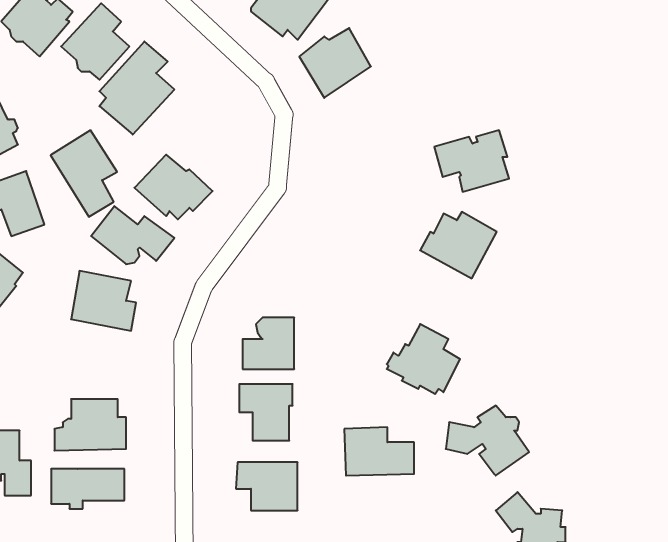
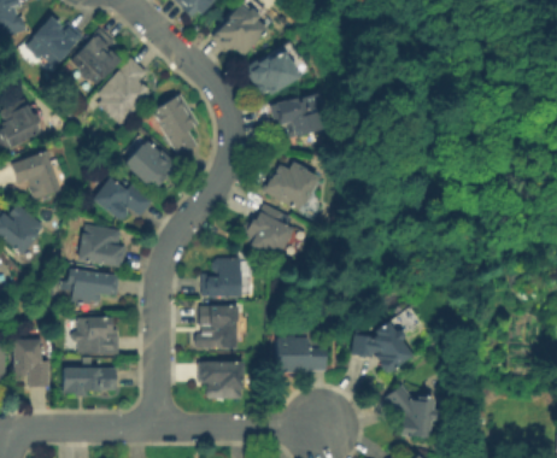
building: [51,130,117,217] -> [152,94,200,157]
building: [434,130,509,192] -> [268,92,322,136]
building: [420,212,497,278] -> [263,163,318,211]
building: [387,324,460,394] -> [240,204,293,254]
building: none -> [68,268,121,305]

